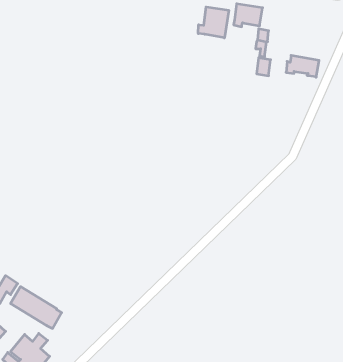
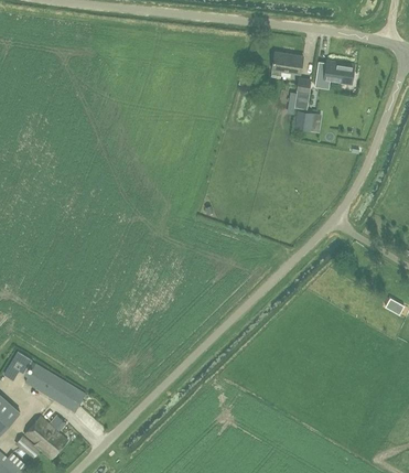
building: [198,7,229,38] -> none
building: [286,55,319,77] -> [321,60,357,84]

